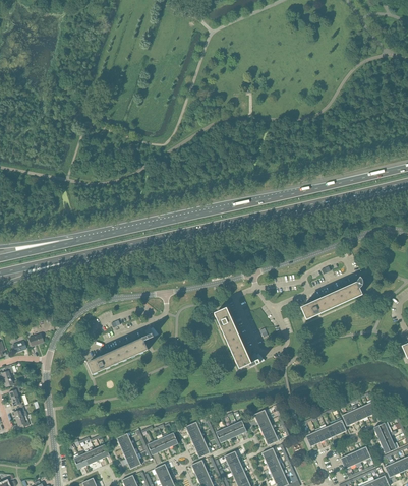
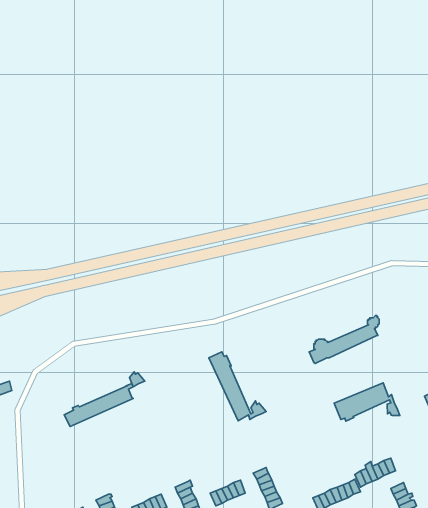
building: none -> [334,383,400,421]

